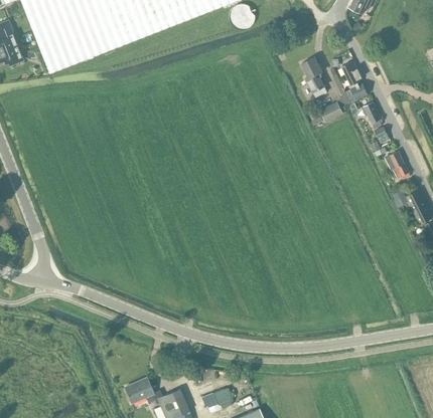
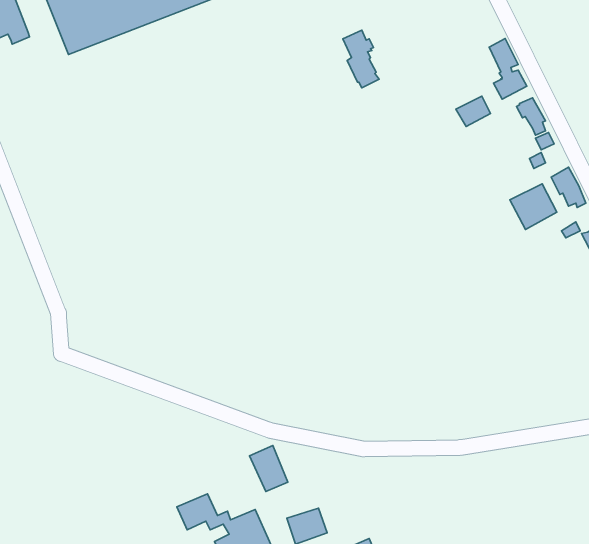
building: [302,57,327,97] -> [343,30,379,88]
building: none -> [510,184,557,229]
building: none -> [250,446,288,491]

